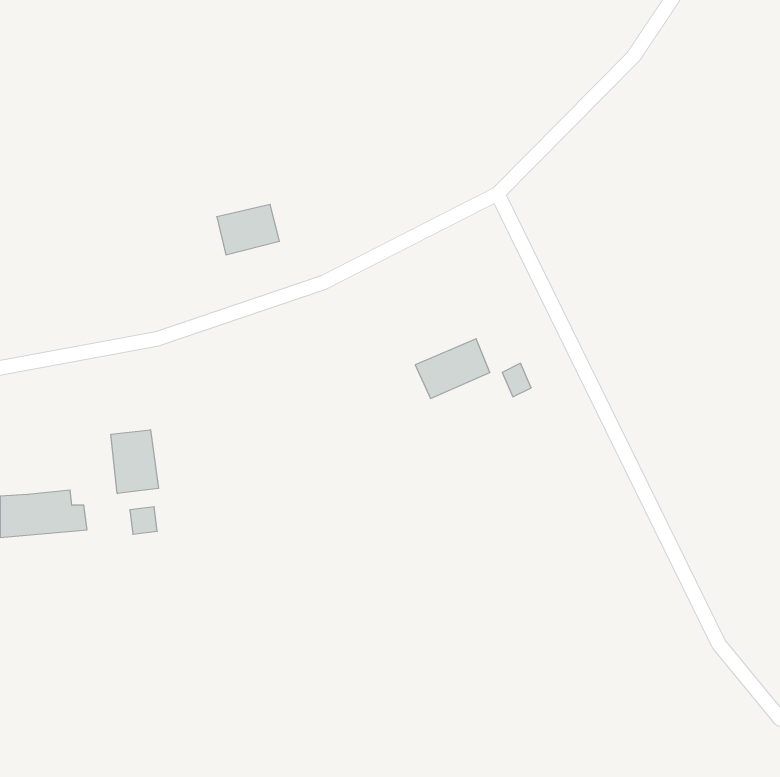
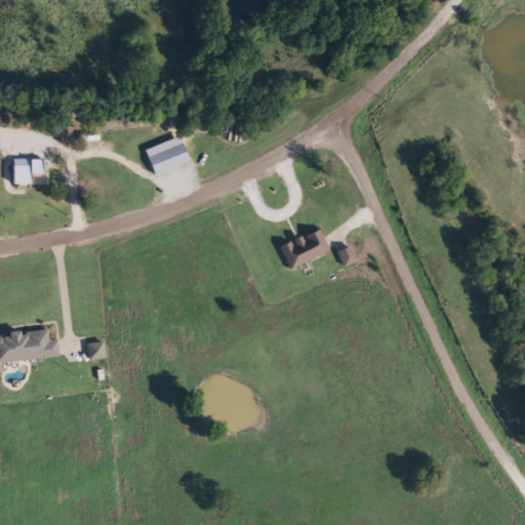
building: none -> [12,158,43,183]
building: [111,430,158,494] -> none

